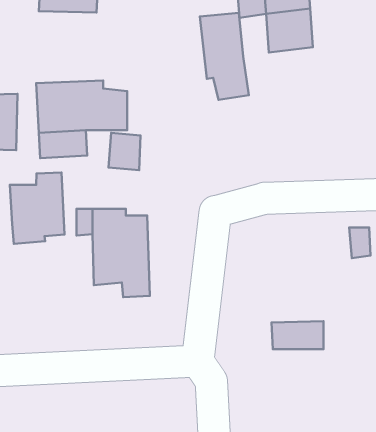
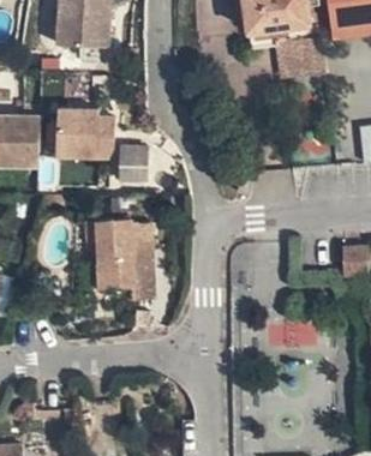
building: [200,13,249,100] -> none
building: [10,173,65,244] -> none

